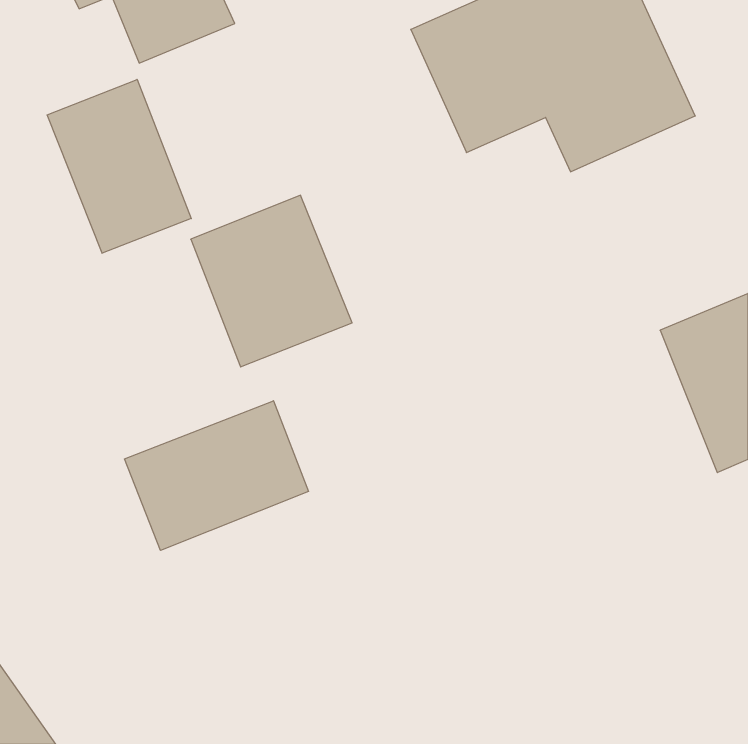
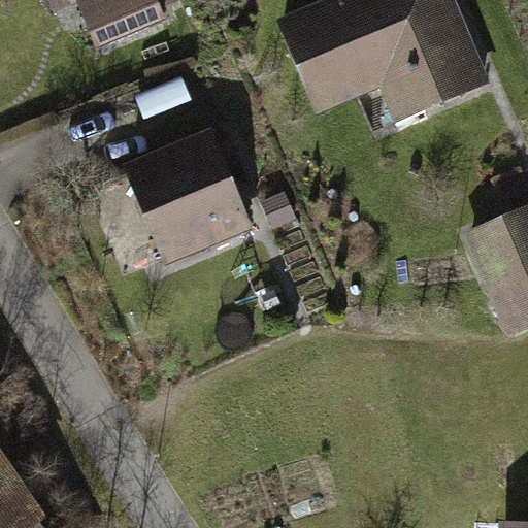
building: [47,79,191,253] -> none
building: [124,401,309,550] -> none

